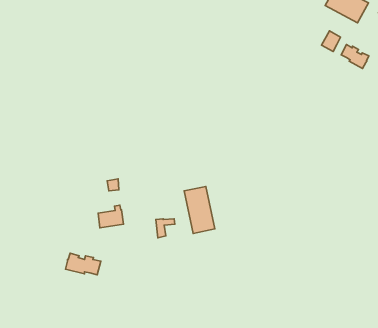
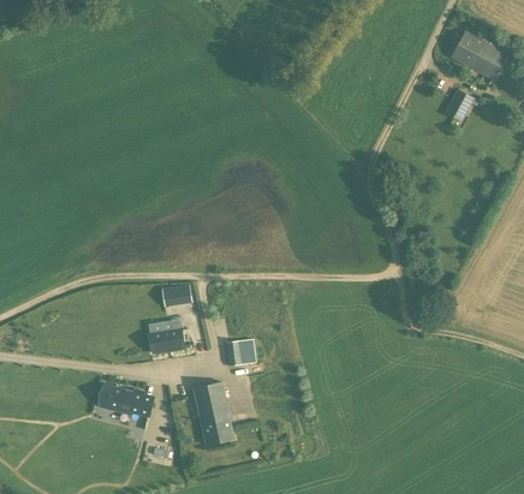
building: [341,44,369,68] -> none
building: [184,186,215,233] -> [192,381,233,444]

